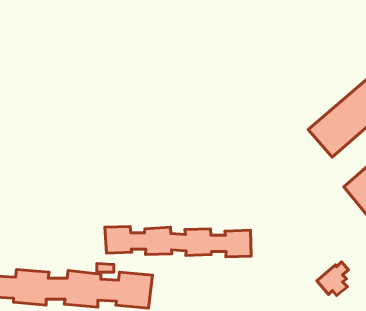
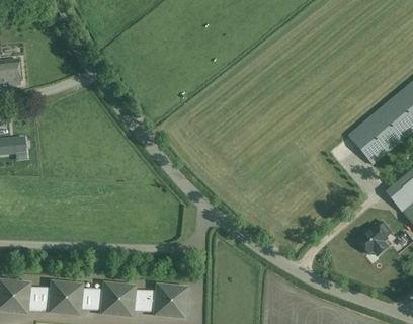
building: [105,226,251,257] -> none
building: [317,262,348,296] -> [356,221,389,255]

